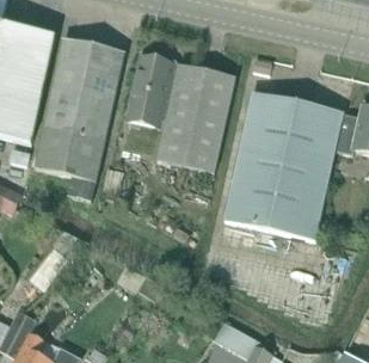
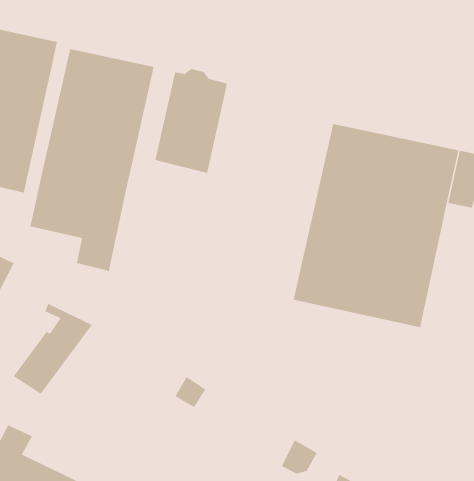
building: [154,64,234,172] -> none

